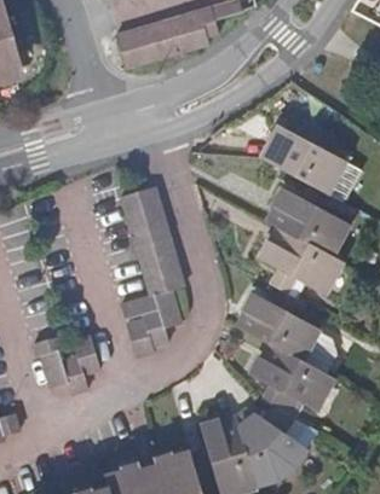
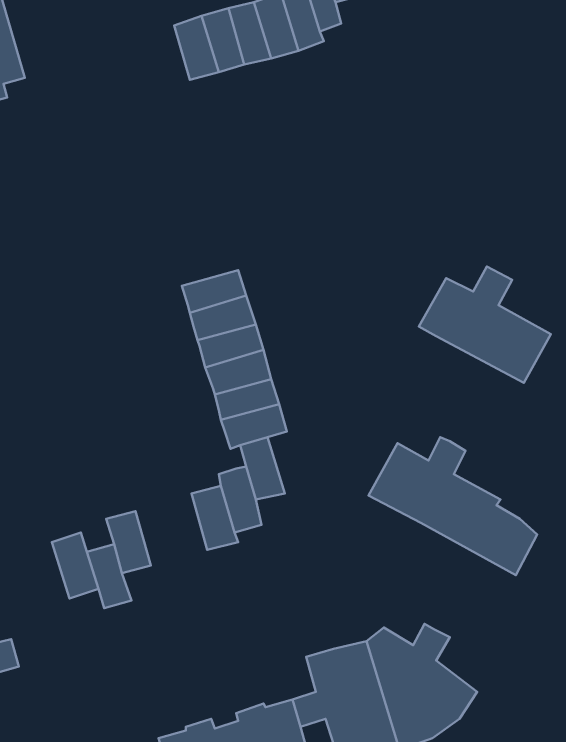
building: [261,120,344,192] -> none
building: [263,227,344,295] -> none
building: [251,343,334,411] -> none

